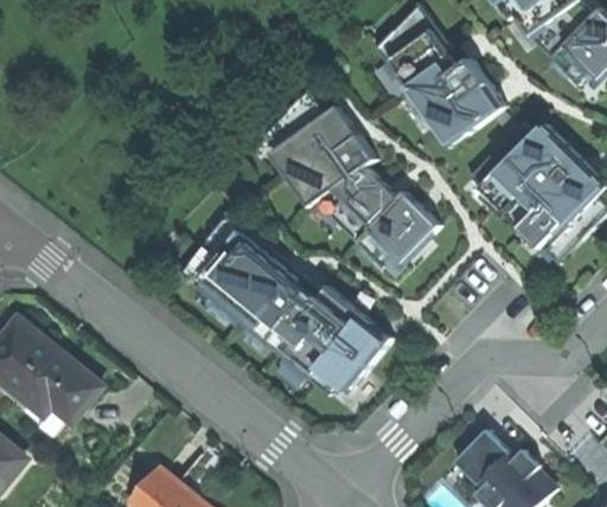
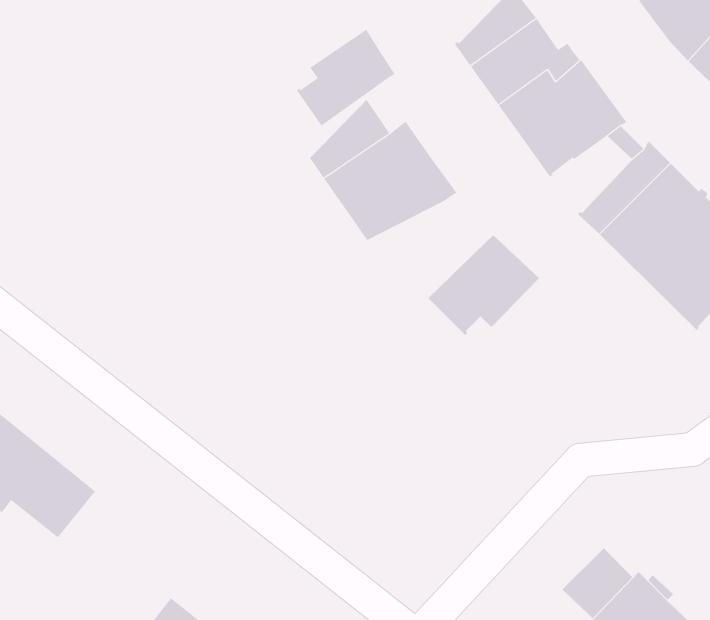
building: none -> [296,29,395,127]
building: [309,167,400,240] -> none
building: [178,212,395,397] -> none

